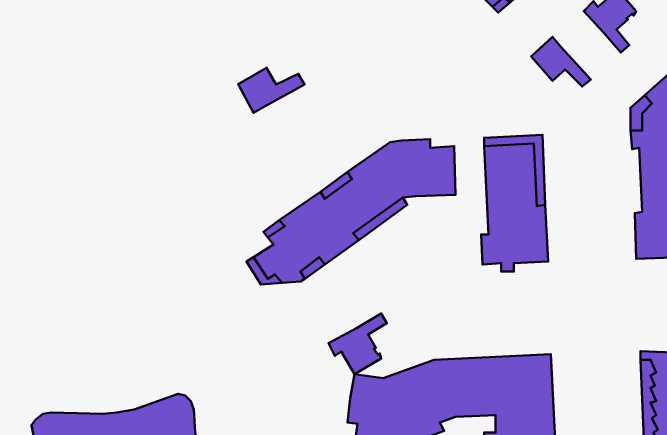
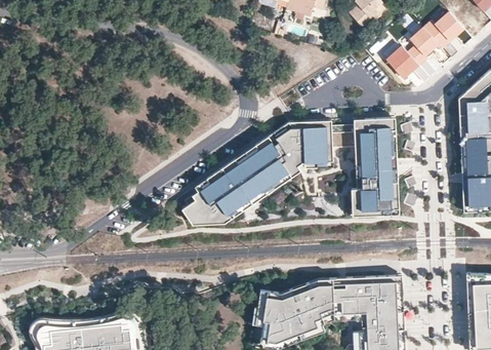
building: none -> [409,28,440,77]
building: [238,68,305,113] -> none
building: [329,314,387,374] -> none

